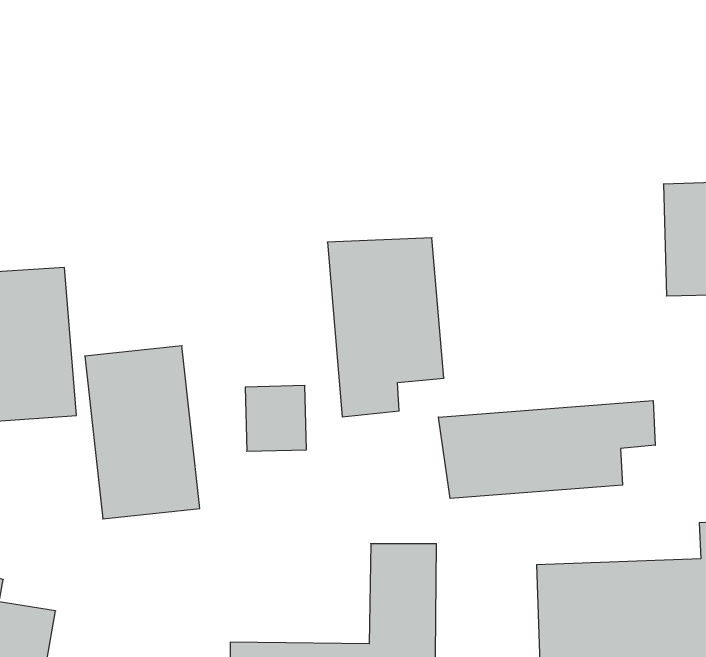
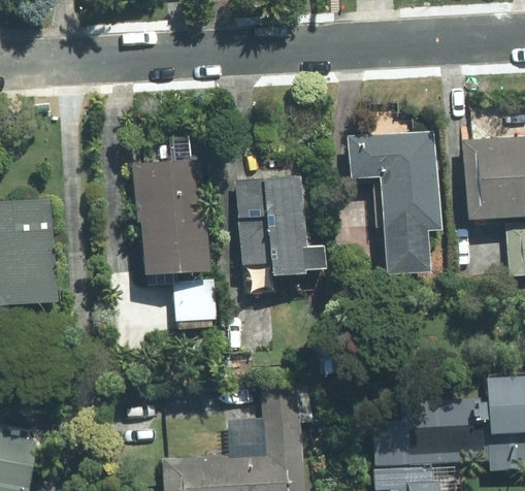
building: none -> [348,132,444,273]
building: [85,346,200,519] -> [132,158,211,277]
building: [438,401,655,498] -> none

